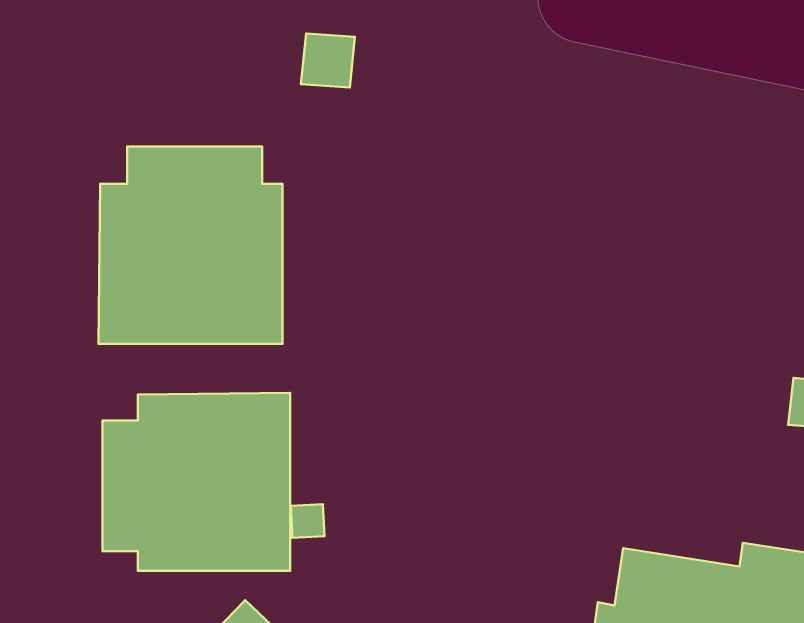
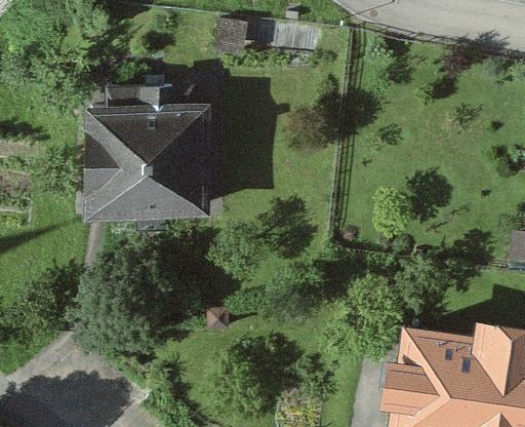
building: [103,393,290,571] -> none

